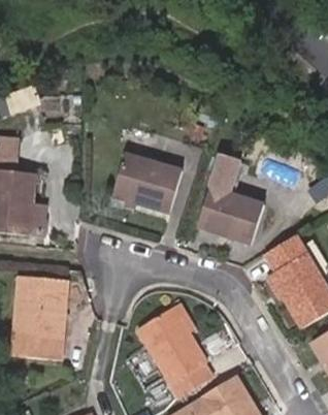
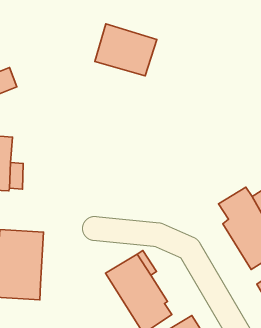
building: [197,151,262,236] -> none
building: [109,153,179,212] -> [95,24,157,76]

